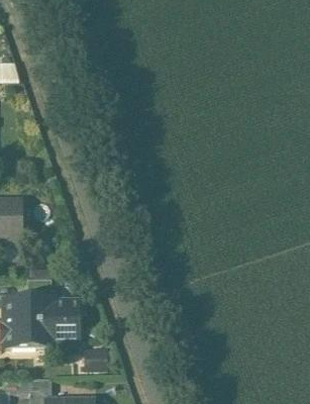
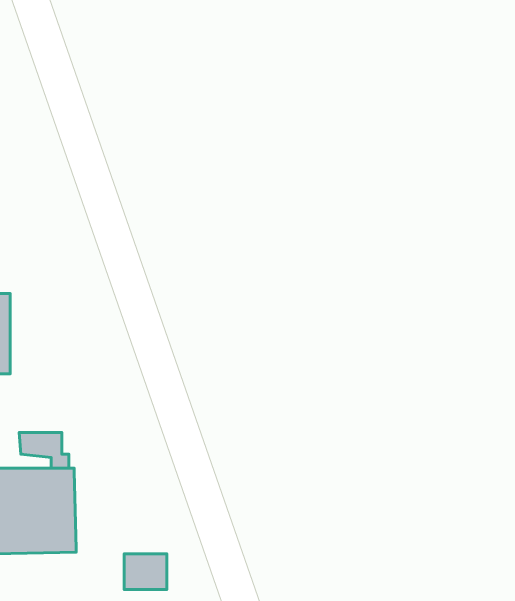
building: [58,300,78,343] -> none

